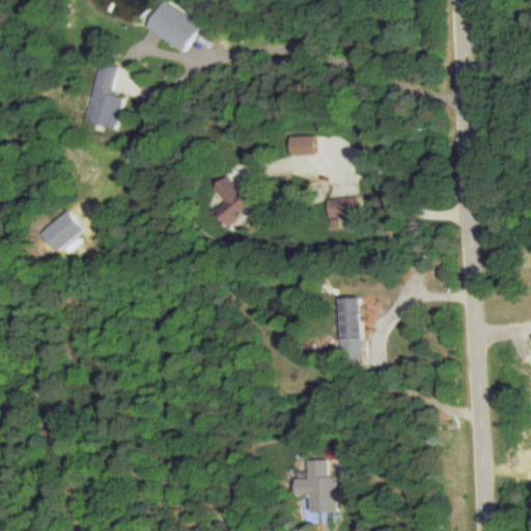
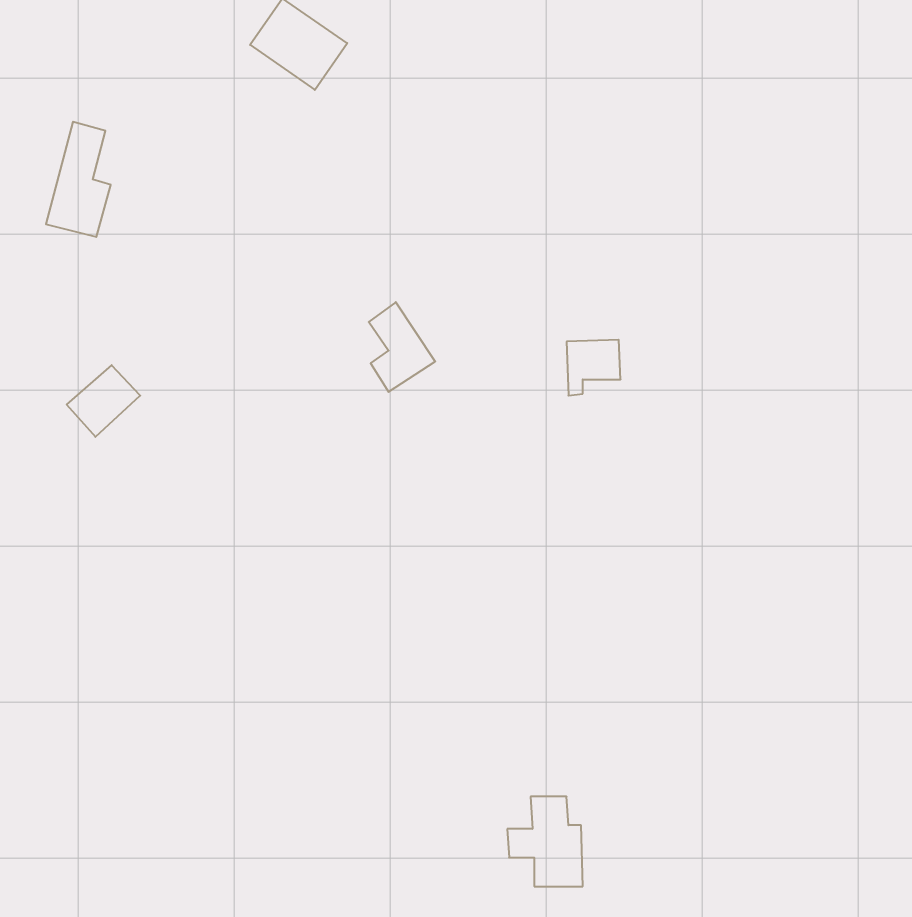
building: [83,62,120,129] -> [46,122,111,237]
building: [290,135,316,155] -> none
building: [337,297,360,359] -> none

